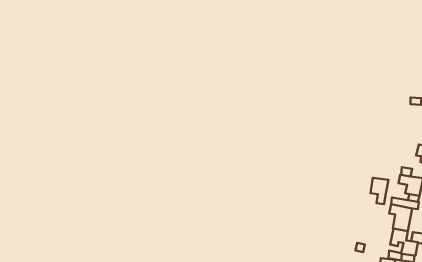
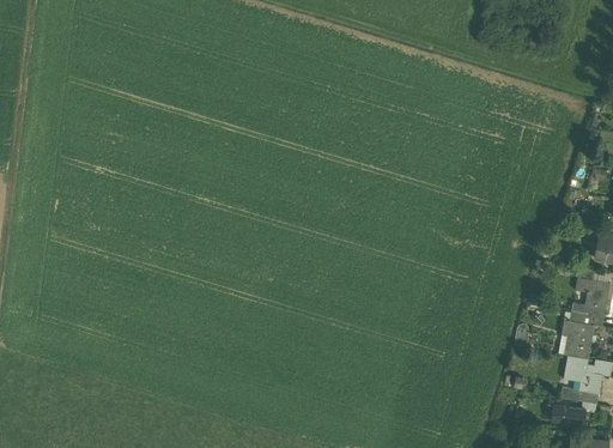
building: [371,178,388,204] -> none

